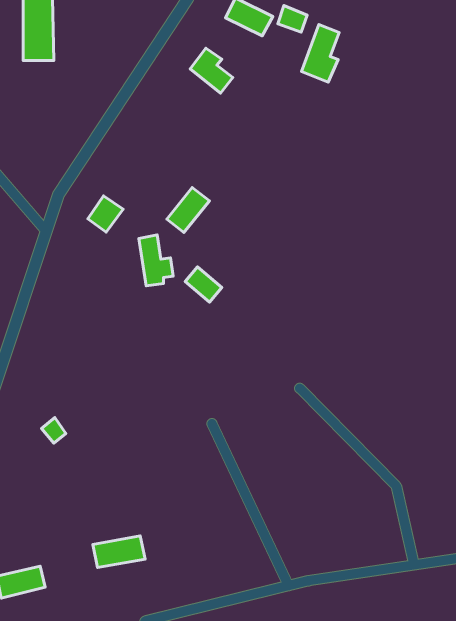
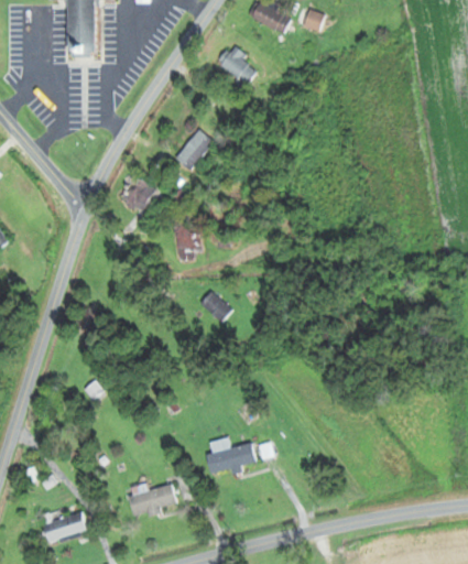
building: [301,24,339,82] -> none
building: [167,187,209,232] -> [174,130,213,171]
building: [185,267,222,302] -> [198,290,231,322]
building: none -> [205,438,255,473]

